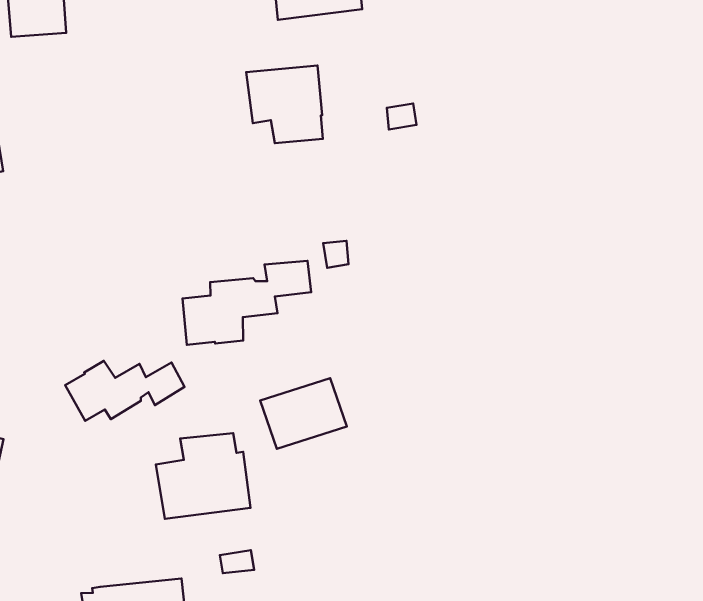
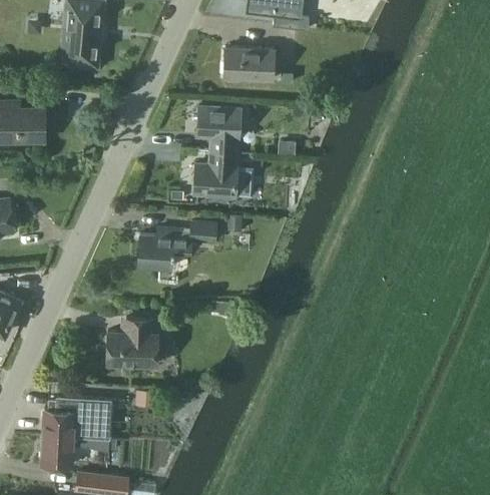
building: none -> [194,151,256,196]
building: [65,361,184,421] -> none
building: [260,378,347,449] -> none

